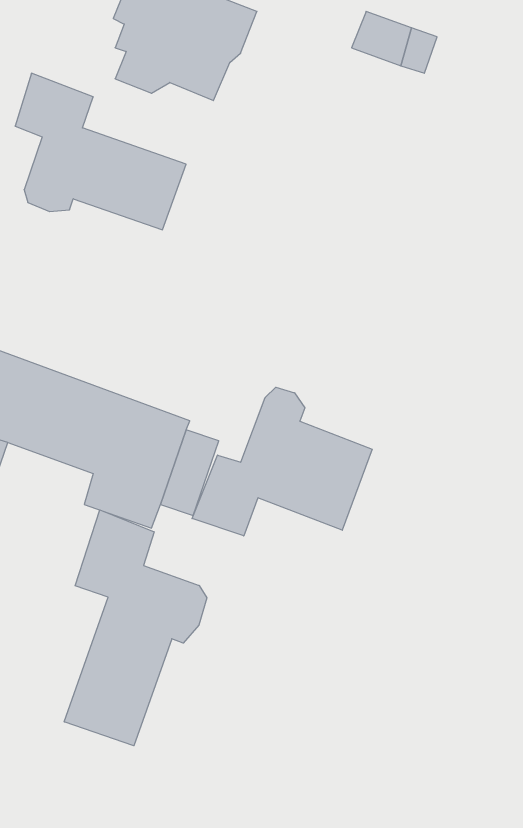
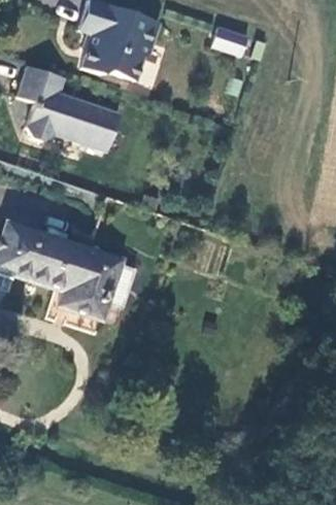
building: [192,387,372,536] -> none
building: [64,510,207,746] -> none

